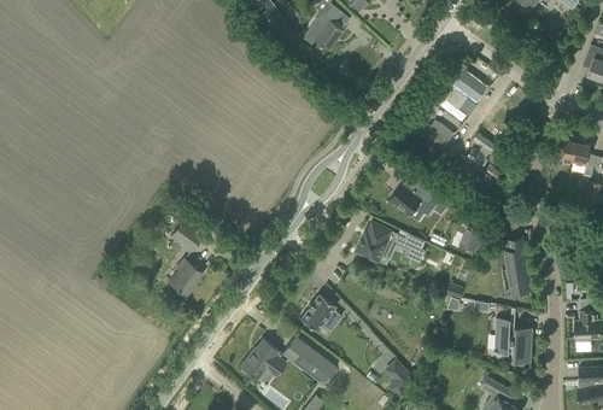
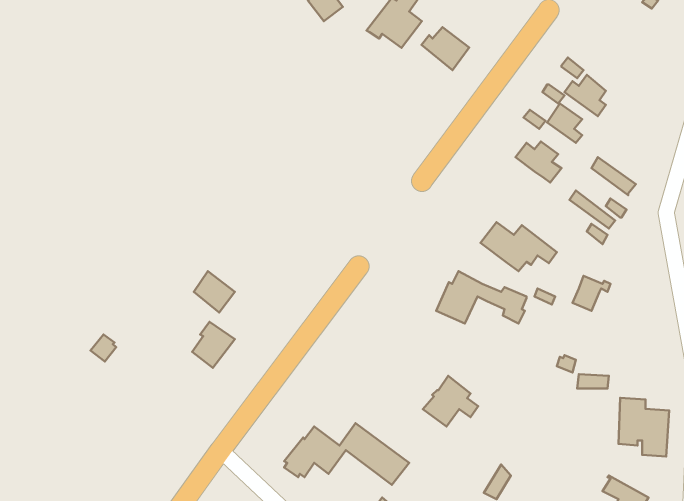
building: none -> [422,27,469,70]
building: [504,236,531,292] -> none
building: [299,293,341,332] -> [423,376,478,427]

